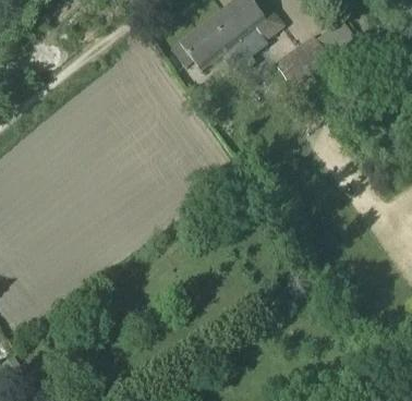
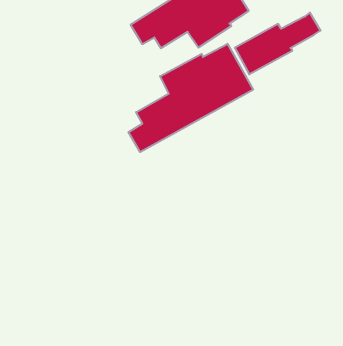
building: none -> [128,44,253,152]

